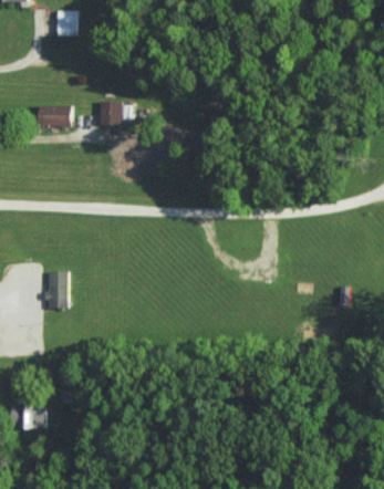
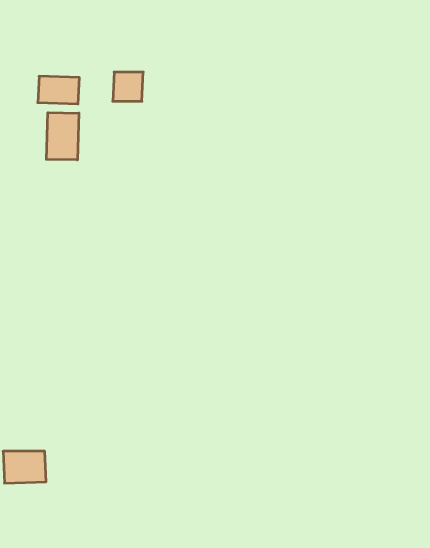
building: none -> [46,113,79,160]
building: [46,270,69,308] -> none

